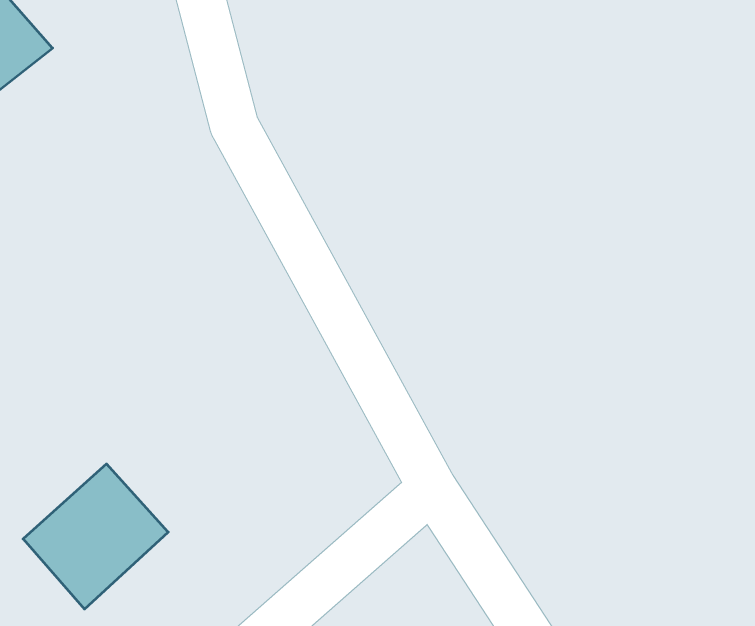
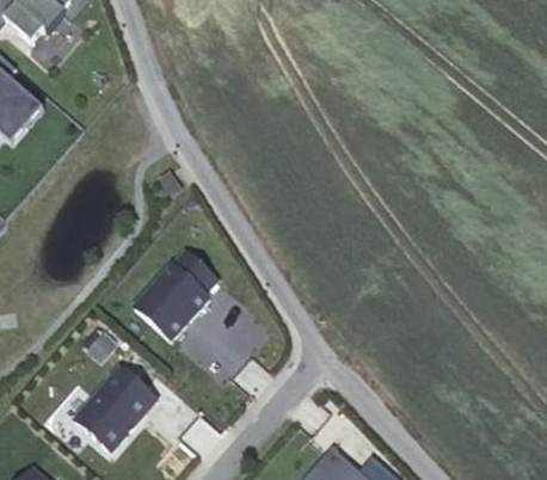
building: none -> [134,253,214,338]

